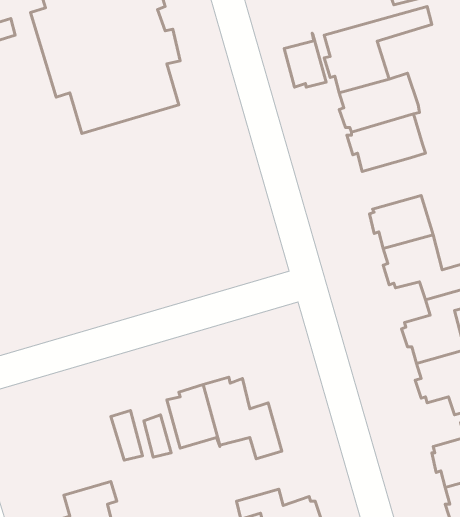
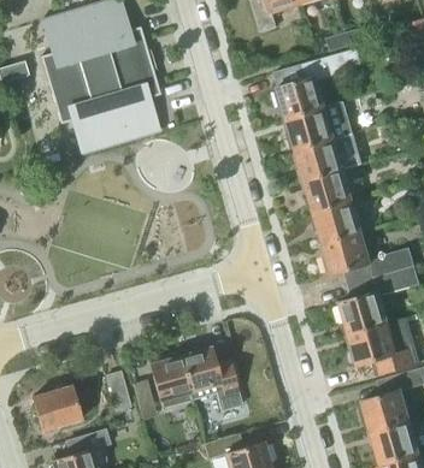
building: [284,33,326,87] -> none
building: none -> [305,171,352,212]
building: none -> [33,386,81,431]

